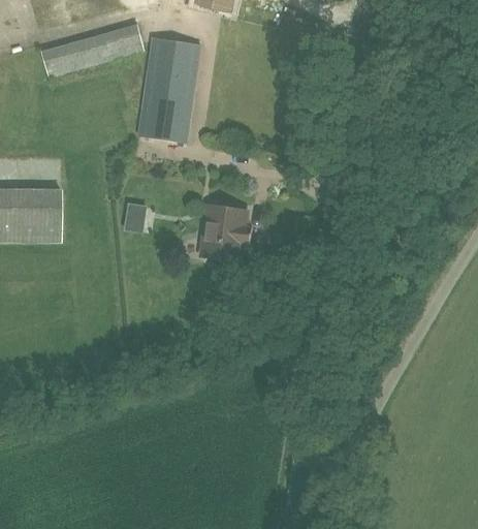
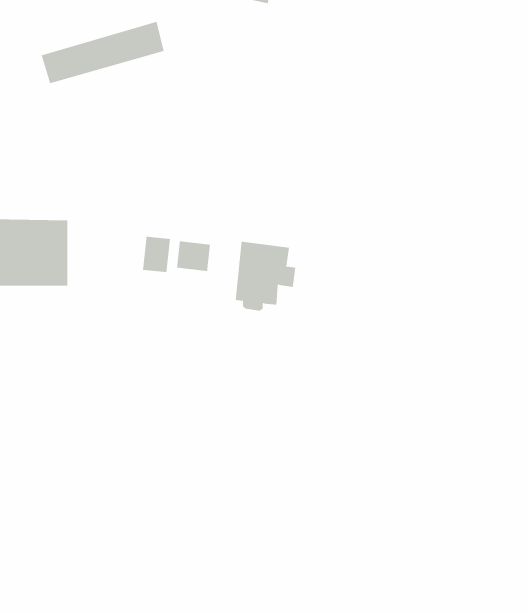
building: [137,38,198,142] -> none
building: none -> [177,240,210,272]

